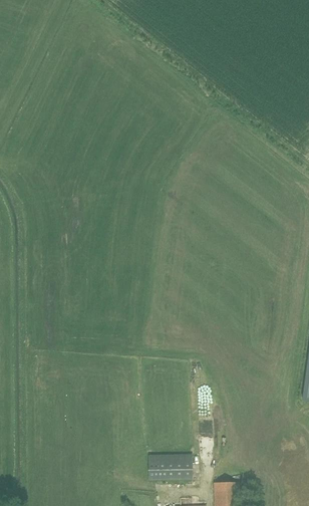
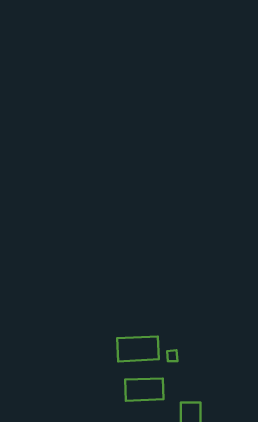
building: none -> [117,337,159,361]

